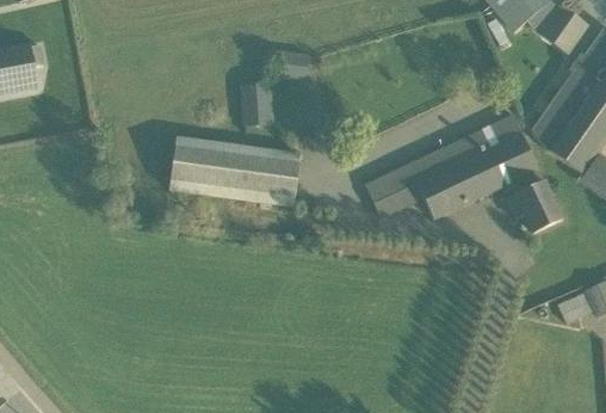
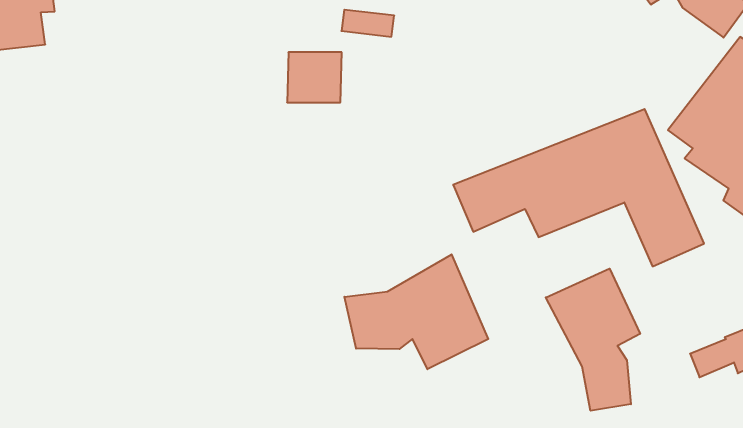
building: [168,134,301,204] -> none
building: none -> [344,254,488,369]
building: none -> [546,269,640,411]

